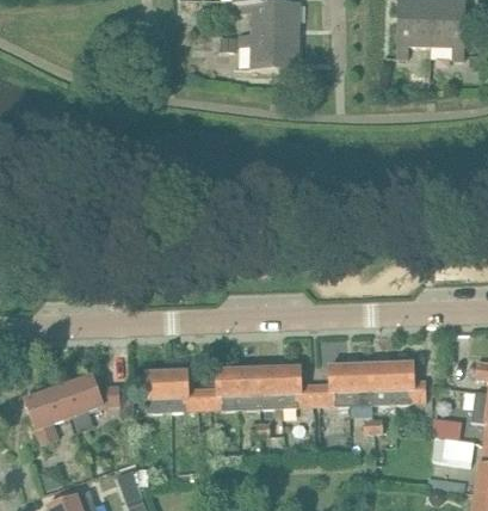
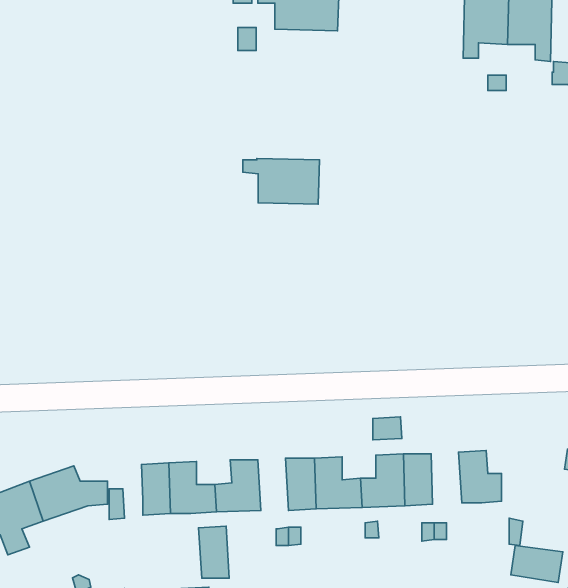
building: [239,33,298,69] -> [243,158,320,204]
building: [371,363,395,404] -> none
building: [236,368,260,408] -> [199,526,229,578]

